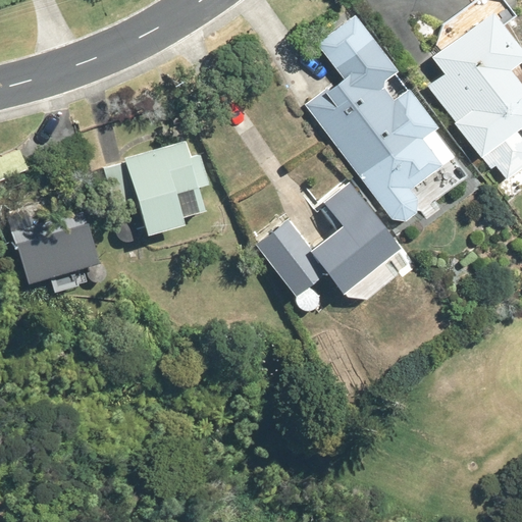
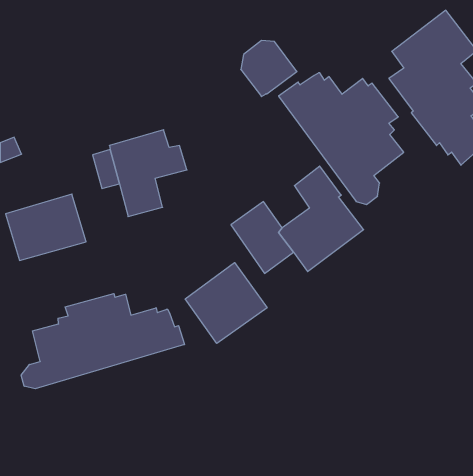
building: [325,21,386,83] -> [241,41,297,97]
building: none -> [185,263,267,343]
building: none -> [21,294,184,389]

